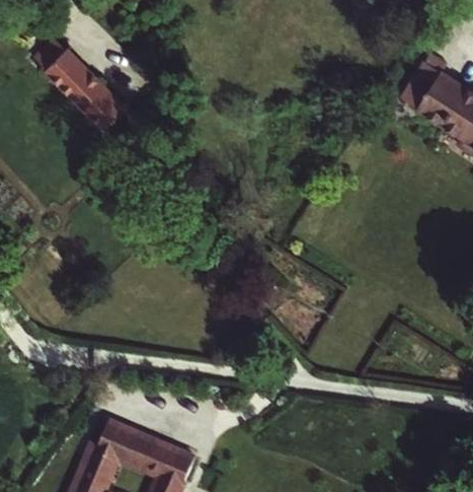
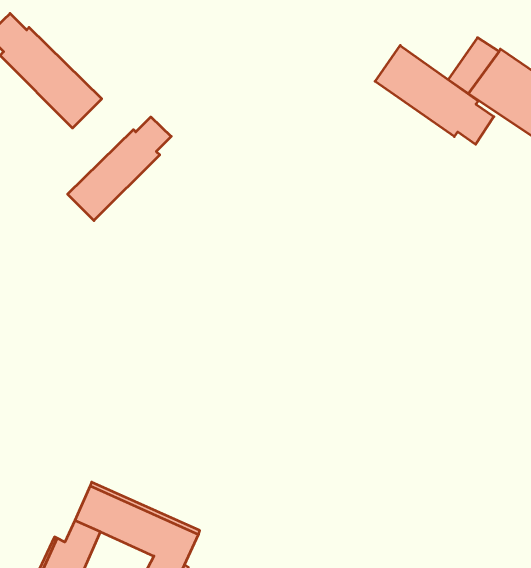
building: none -> [375,45,494,144]
building: none -> [68,117,171,221]

